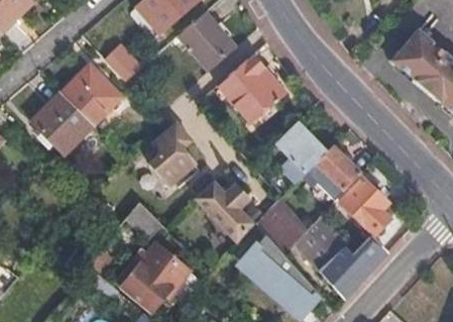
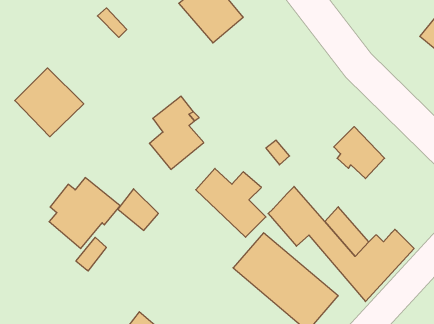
building: [219,53,286,121] -> none
building: [62,64,123,124] -> none
building: [278,123,327,172] -> none
building: [337,181,391,238] -> none
building: [124,246,188,310] -> [49,178,120,249]

